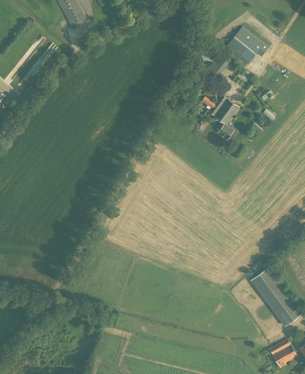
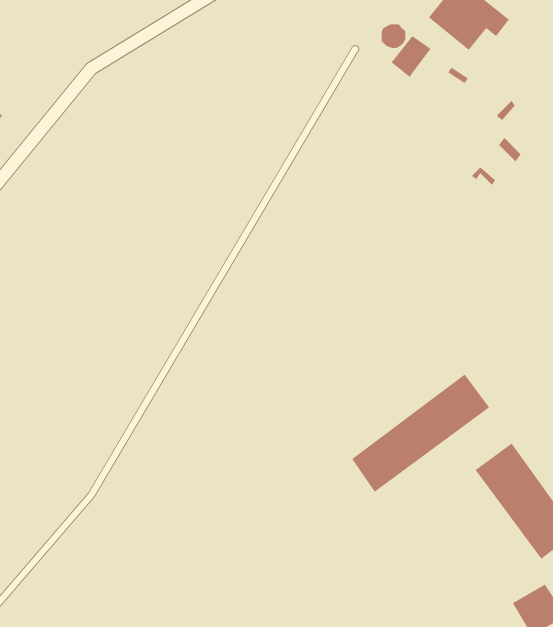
building: [202,94,240,138] -> none
building: none -> [351,373,490,493]

